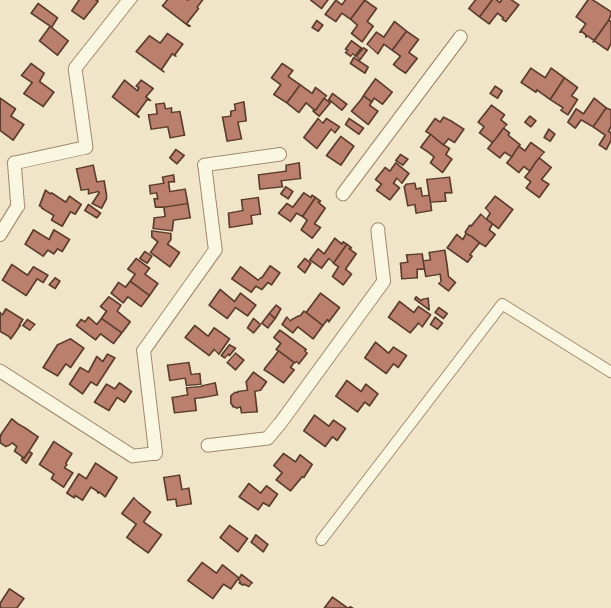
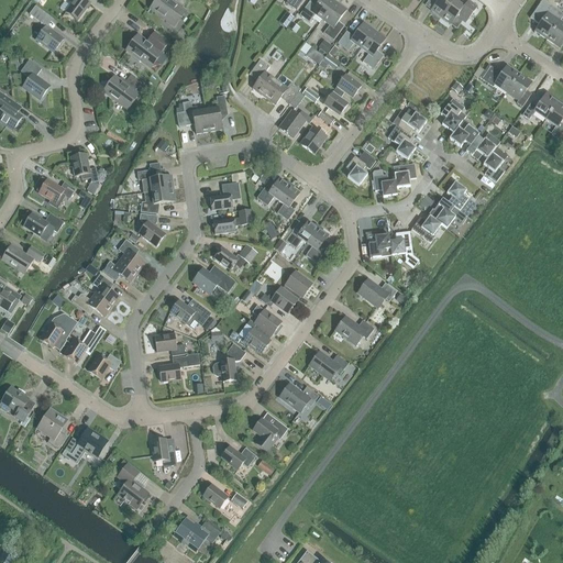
building: [149,103,185,138] -> [176,100,209,132]
building: [259,163,300,189] -> [213,208,252,232]

